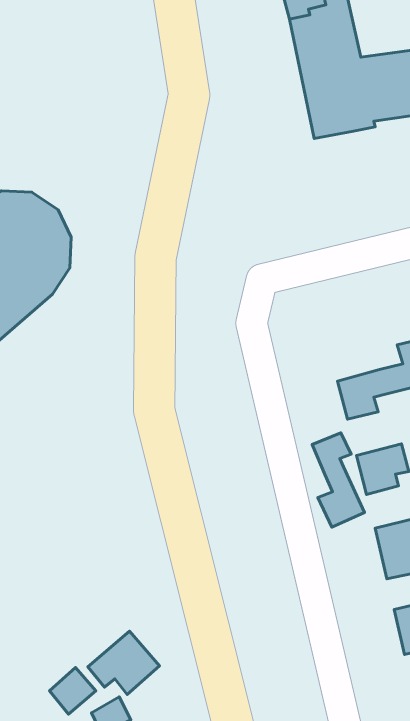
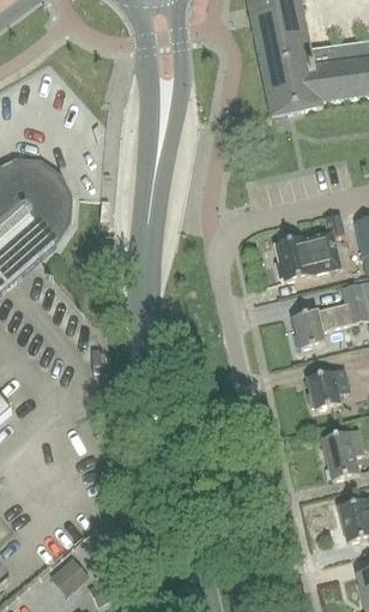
building: none -> [274,214,344,281]
building: [312,433,364,527] -> none
building: [88,631,160,694] -> none

